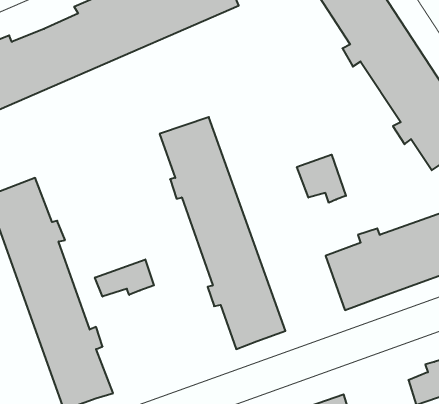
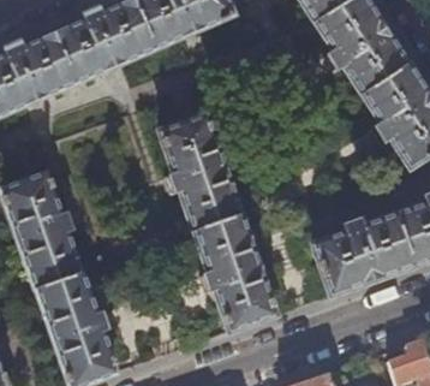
building: [297,155,346,203] -> none
building: [95,259,154,297] -> none

